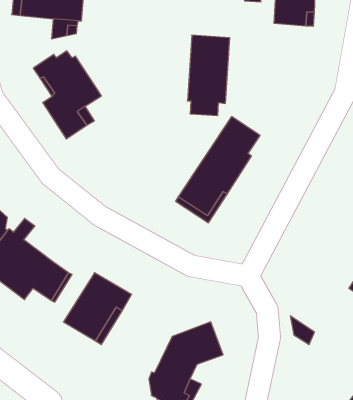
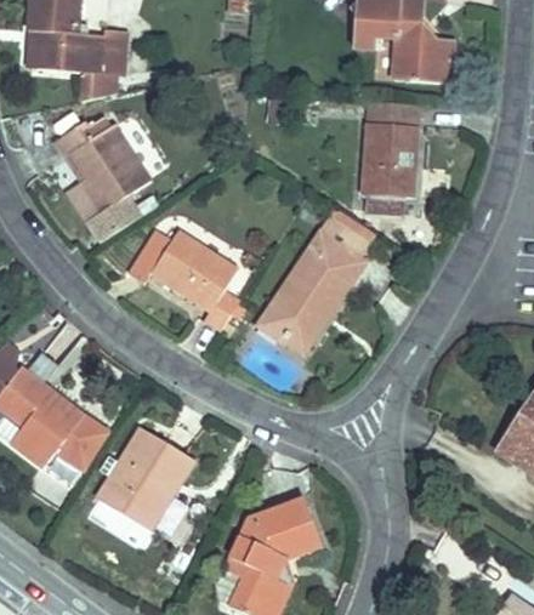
building: [187,35,230,116] -> [360,101,420,213]
building: none -> [129,228,240,330]

